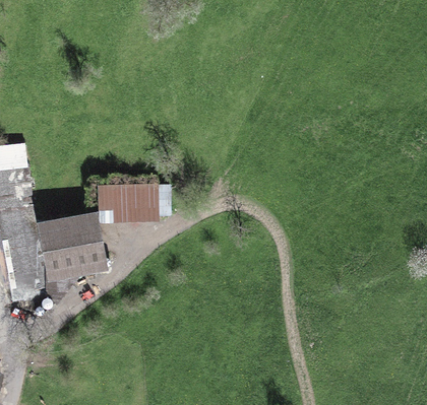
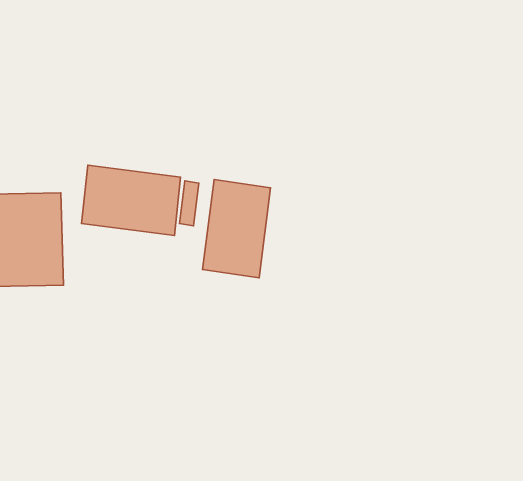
building: none -> [203,179,271,278]

